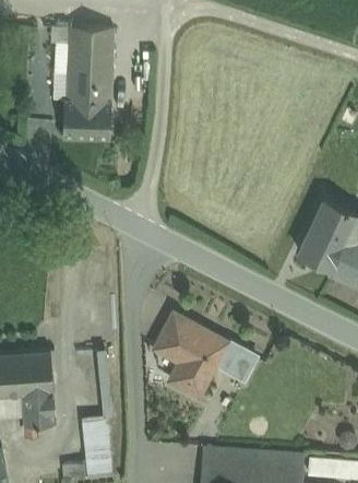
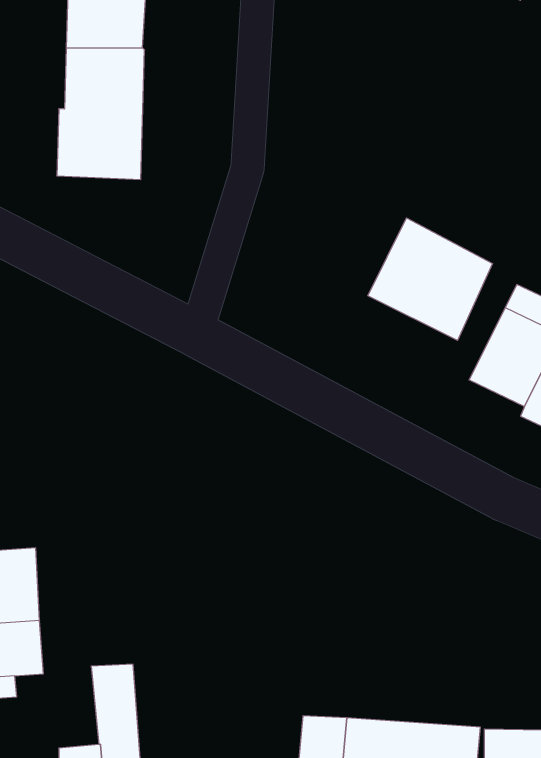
building: none -> [368,218,493,340]
building: [154,313,256,396] -> none

